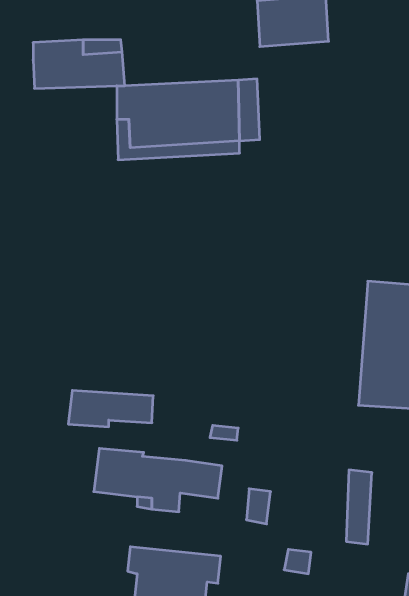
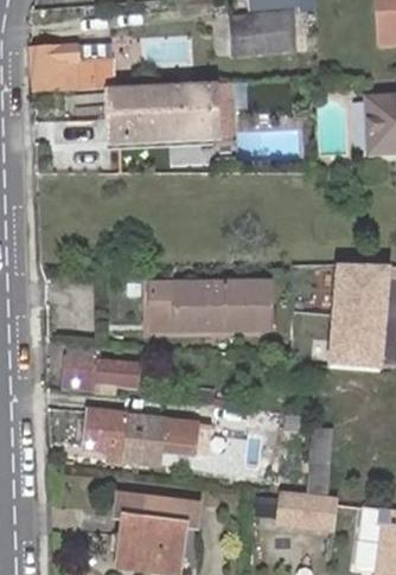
building: none -> [148,285,269,331]
building: none -> [281,494,336,530]

